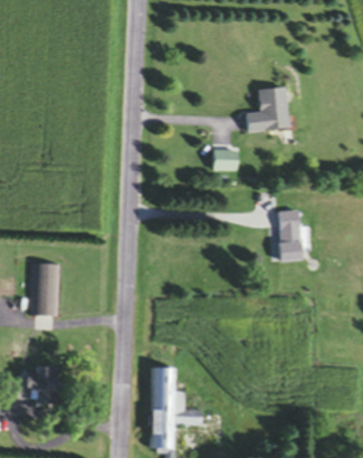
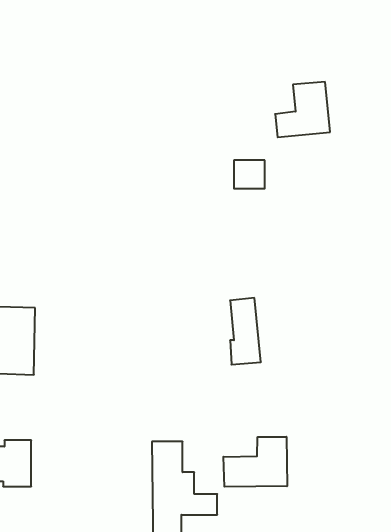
building: [280,207,304,260] -> [230,298,261,365]
building: none -> [223,437,287,487]

